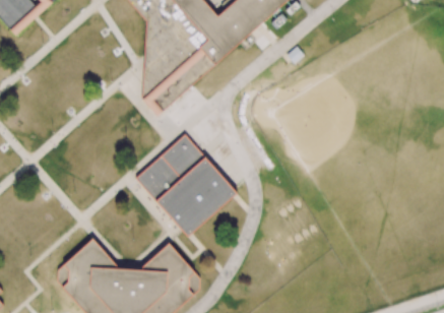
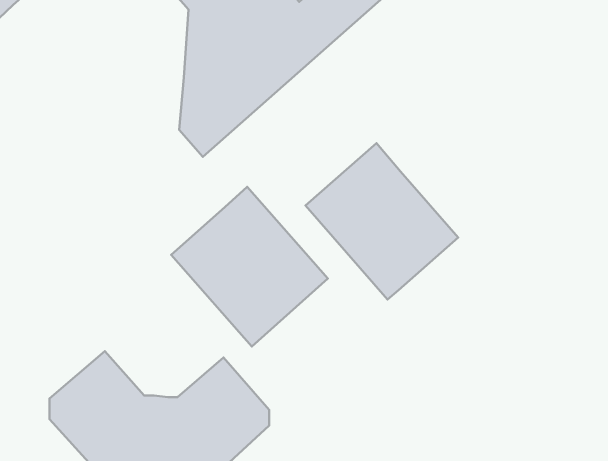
building: none -> [306,143,458,300]

